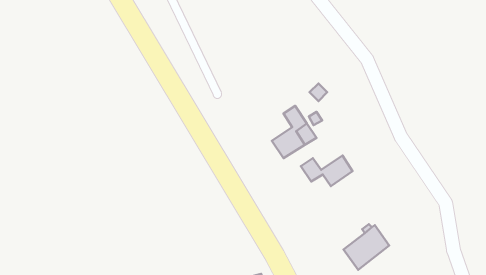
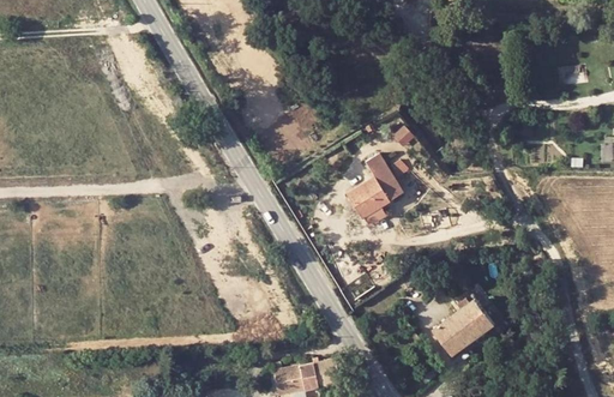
building: [301,156,353,186] -> none

